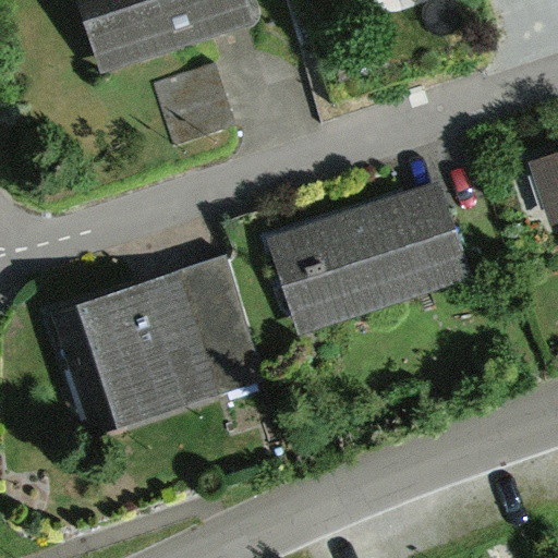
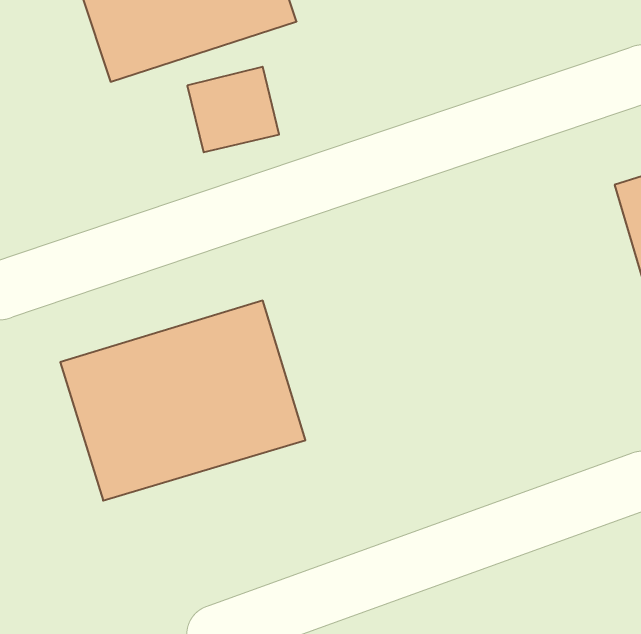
building: [266,181,469,335] -> none

